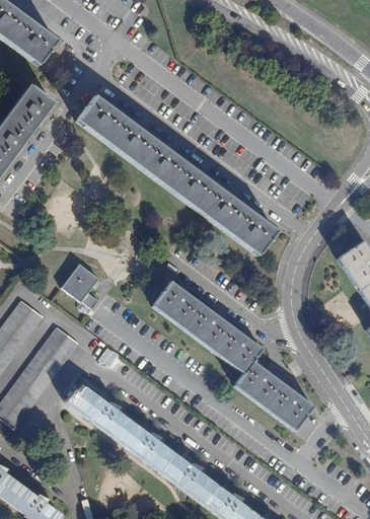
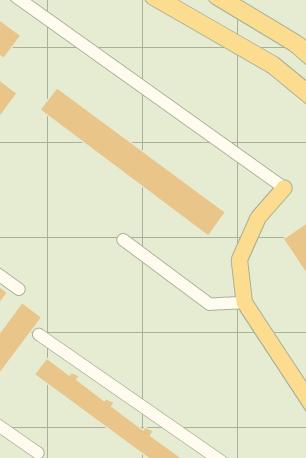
building: [63,264,99,313] -> none
building: [154,281,314,430] -> none

